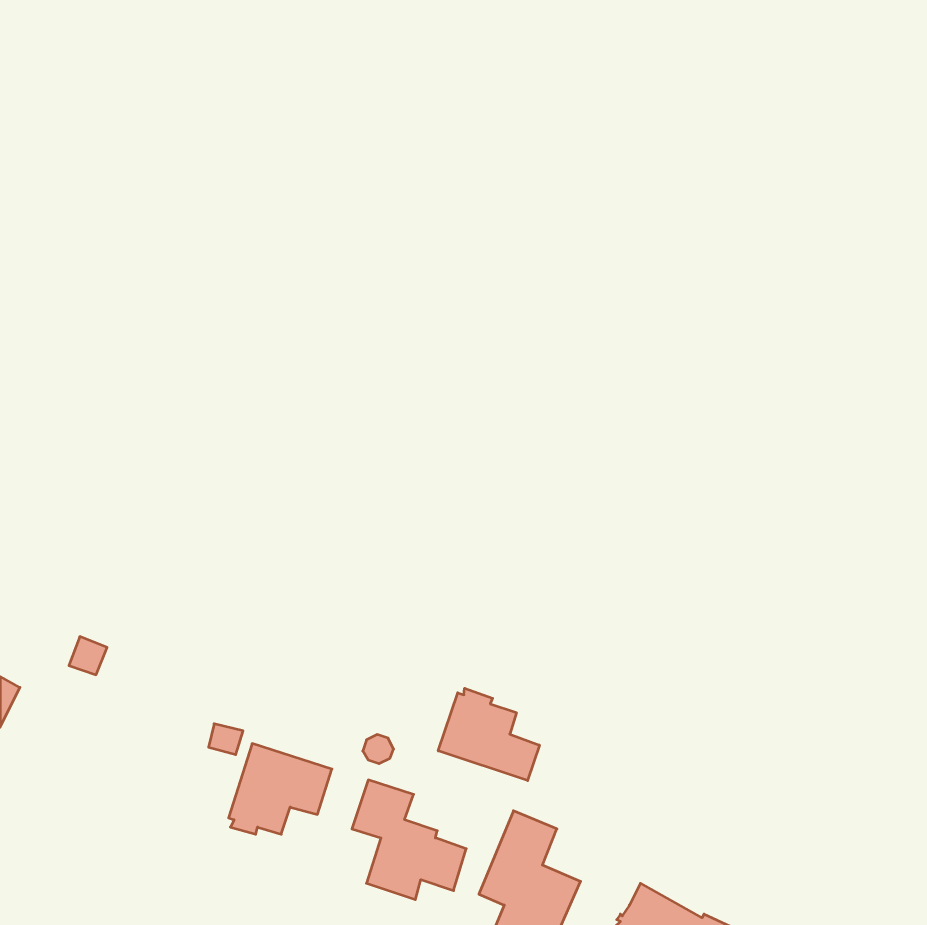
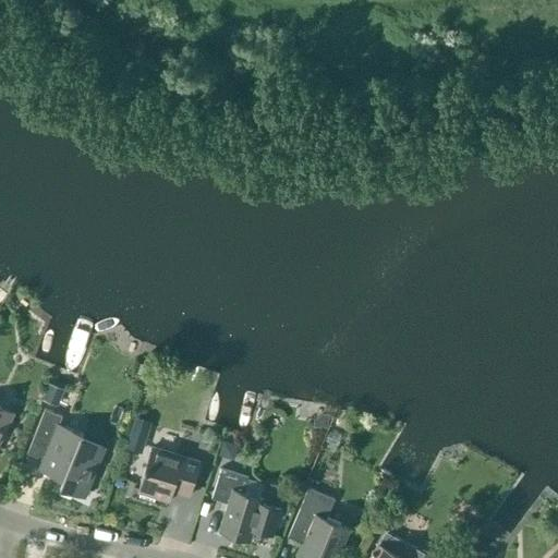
building: none -> [27,410,105,498]
building: [438,688,539,781] -> none

